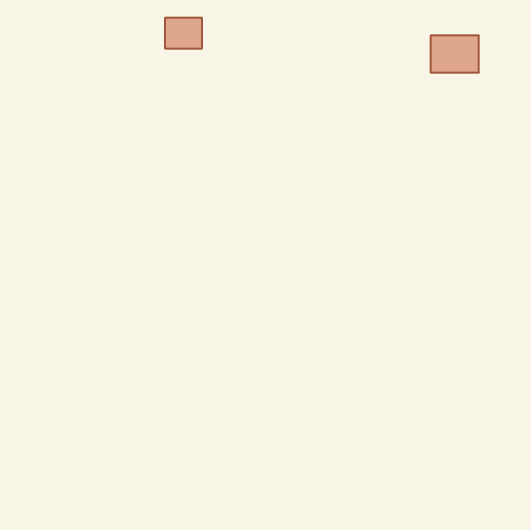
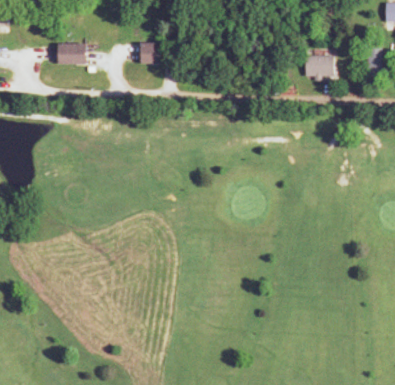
building: none -> [56,44,86,64]

